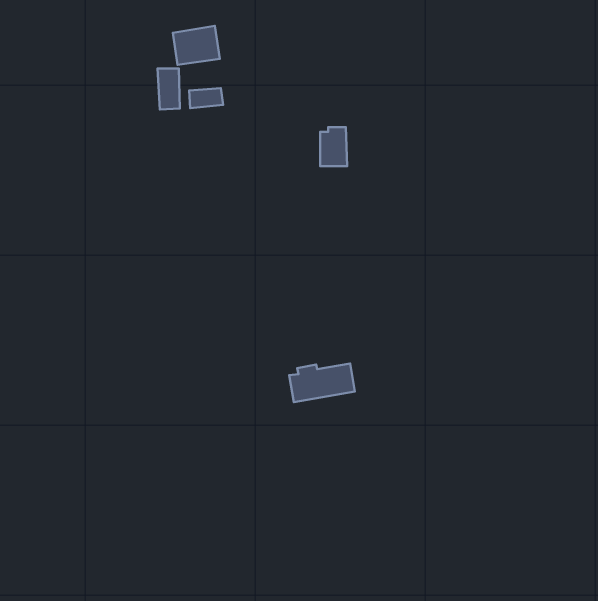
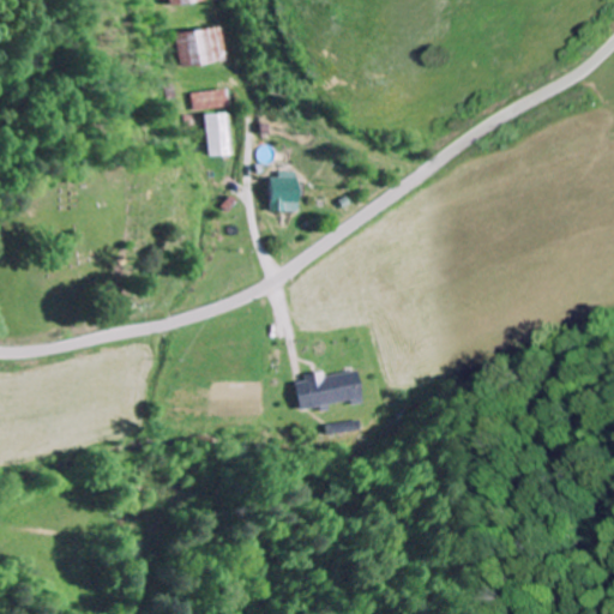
building: [158,68,180,110] -> [204,114,227,156]
building: [320,127,347,166] -> [270,173,297,212]

